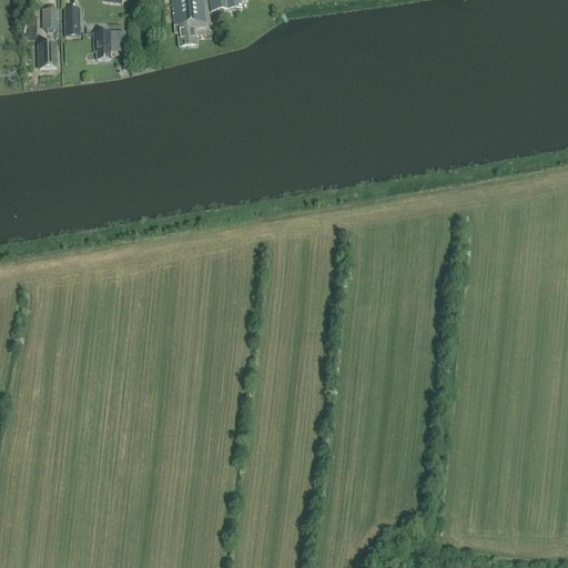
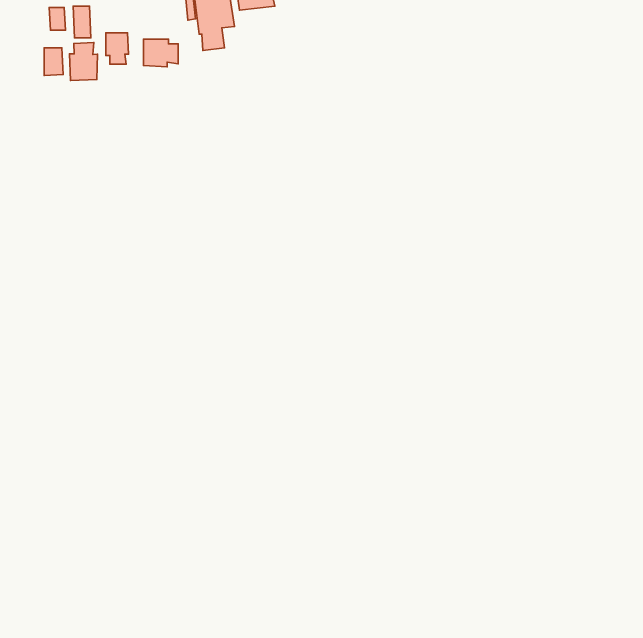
building: none -> [143,39,178,67]
building: none -> [69,43,97,81]

